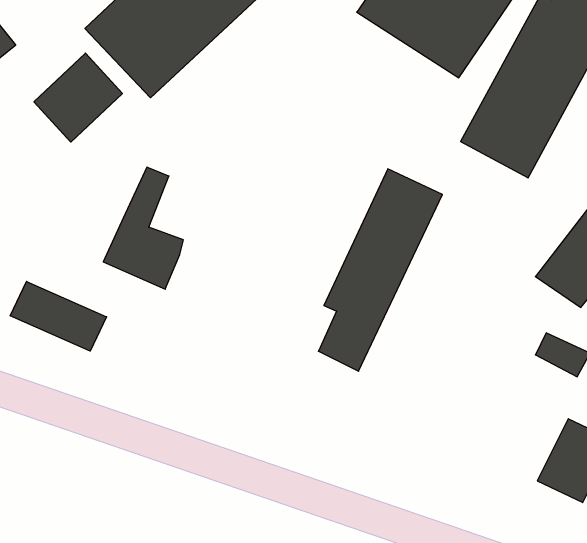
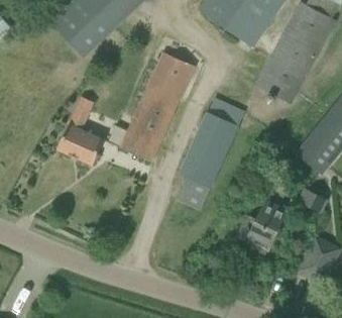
building: [34,53,122,142] -> none
building: none -> [108,51,194,160]
building: [10,281,107,351] -> none
building: none -> [236,201,287,253]

